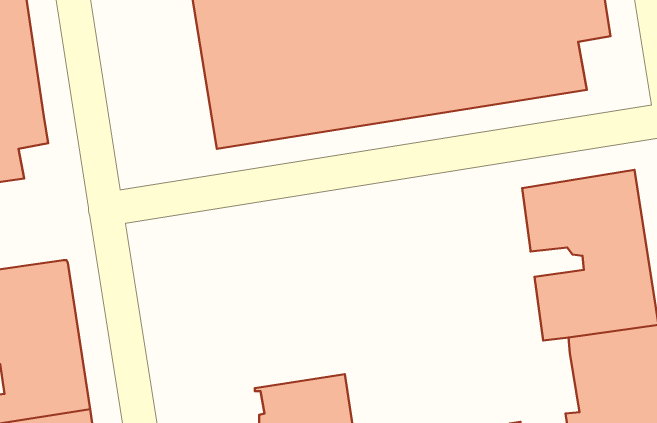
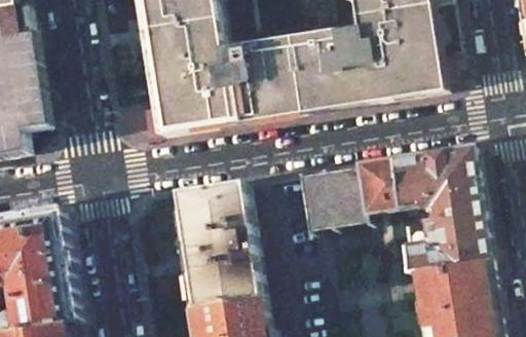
building: none -> [293,161,389,233]
building: none -> [171,184,254,307]

